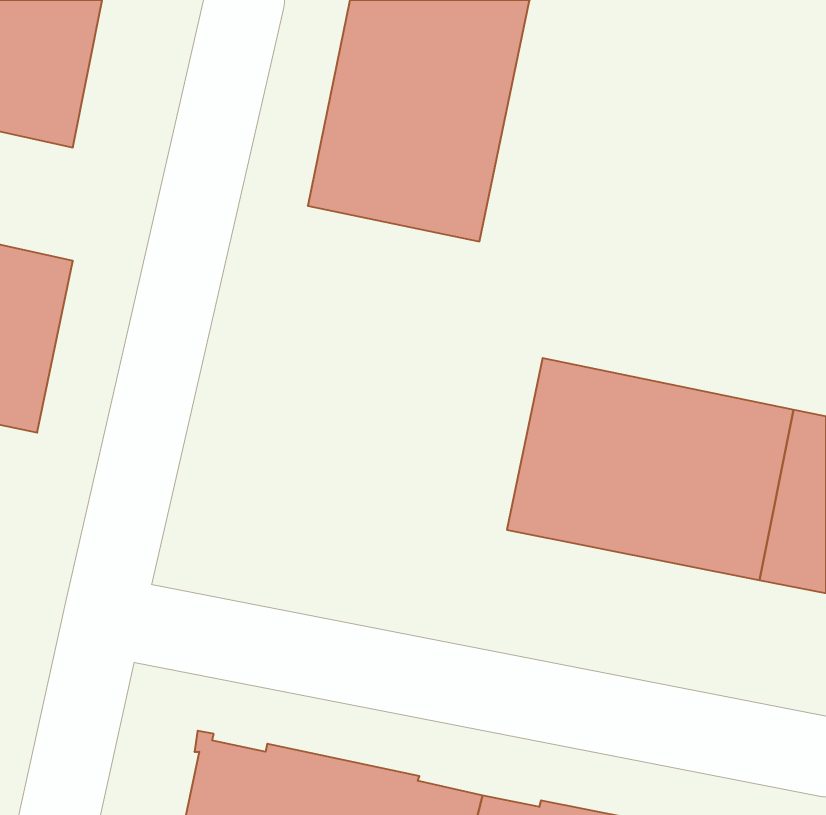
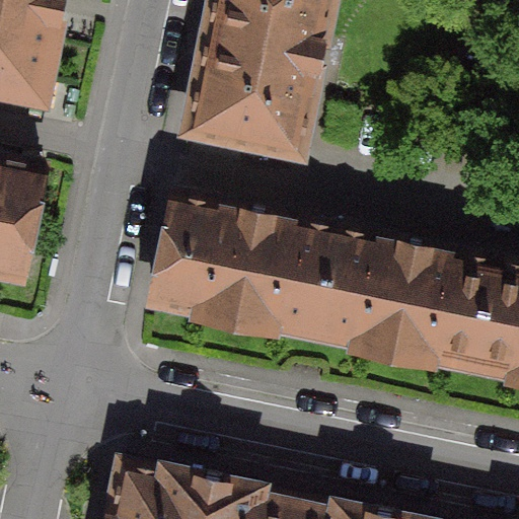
building: none -> [157,199,340,340]

